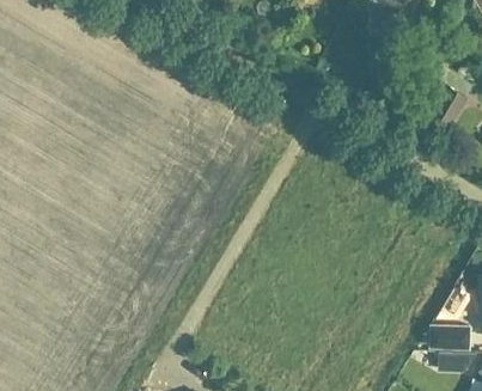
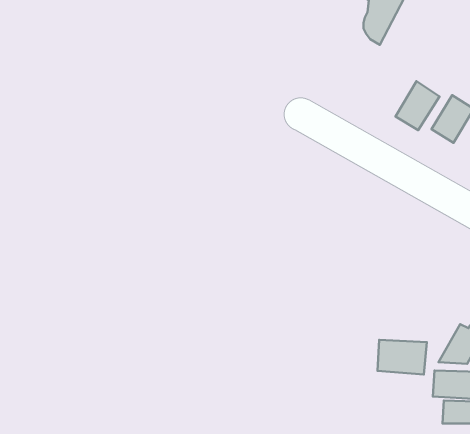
building: none -> [396,81,440,130]
building: none -> [378,340,427,374]

